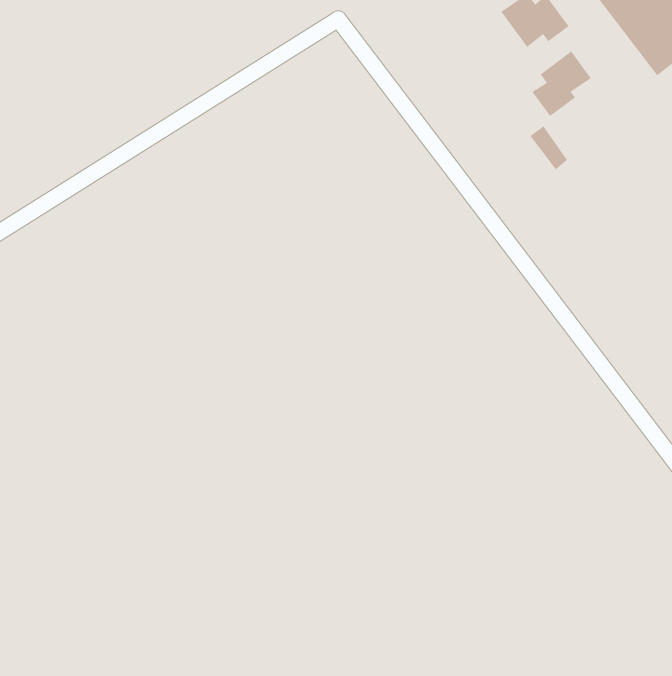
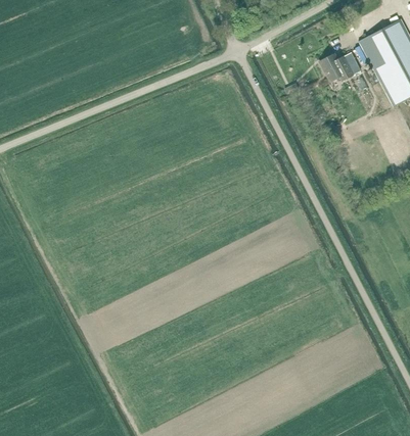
building: [532,50,592,117] -> none

